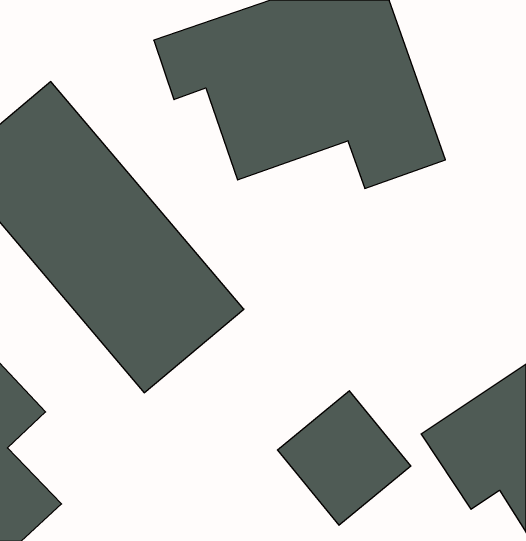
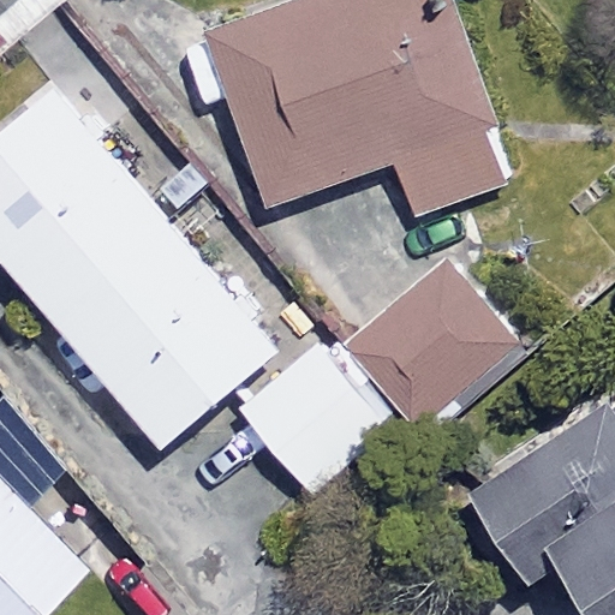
building: none -> [352,265,517,425]
building: [277,391,411,525] -> [238,340,389,492]

